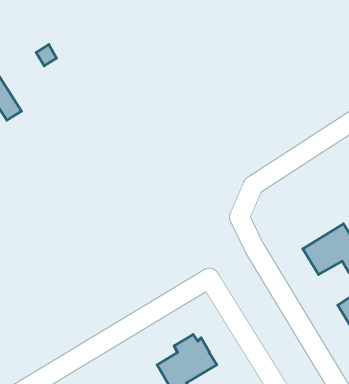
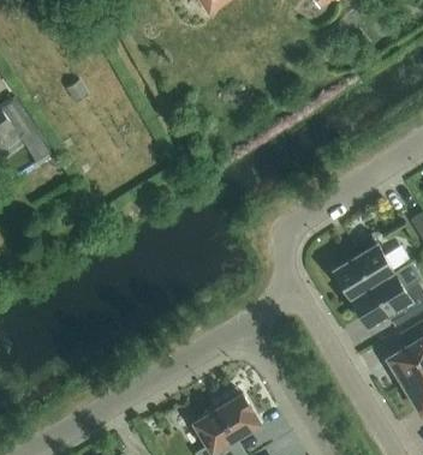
building: none -> [333,234,393,298]

